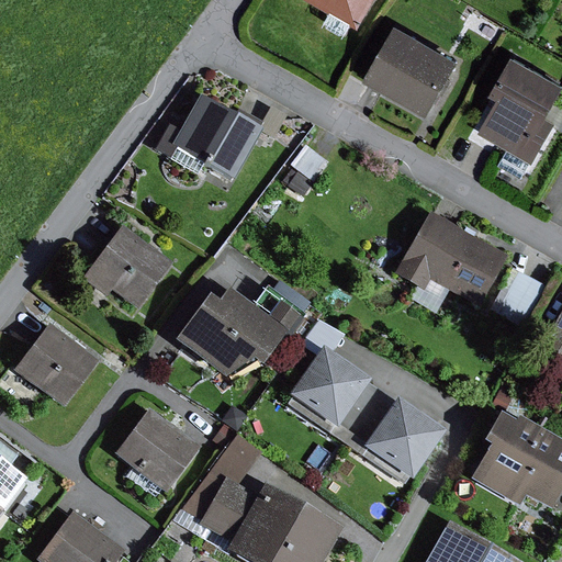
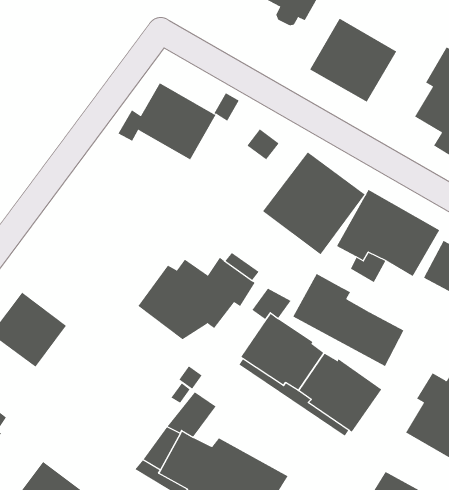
building: none -> [262,152,365,255]
building: [85,225,173,311] -> none
building: none -> [293,273,404,367]
building: [114,407,201,492] -> none

